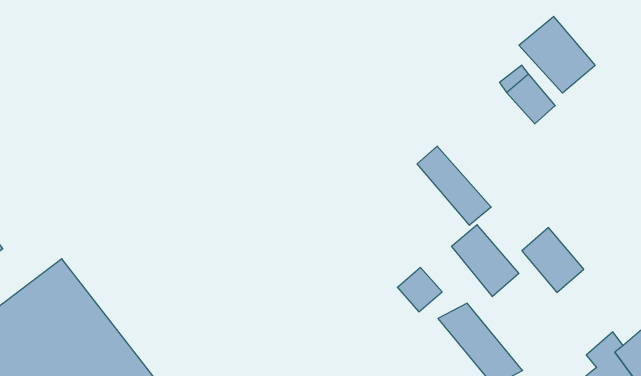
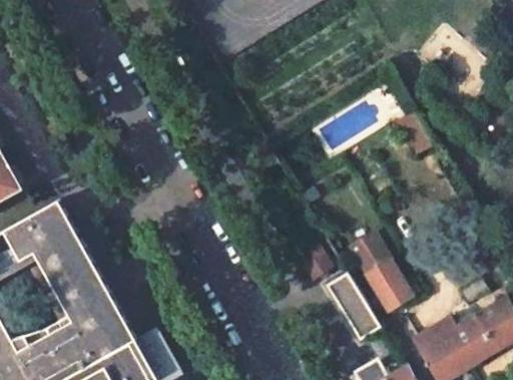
building: [519,16,595,93] -> none
building: [417,146,491,225] -> none
building: [522,228,584,292] -> [368,262,411,310]

